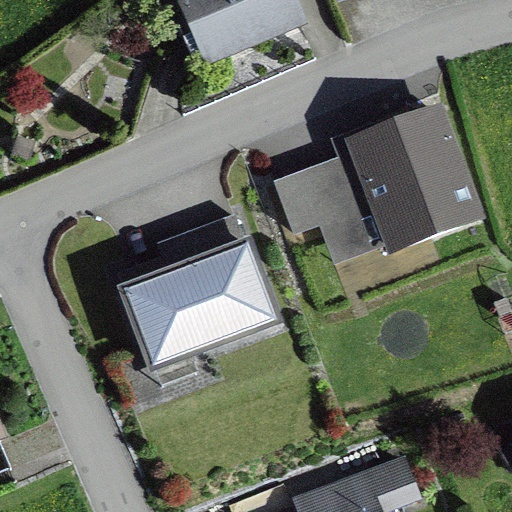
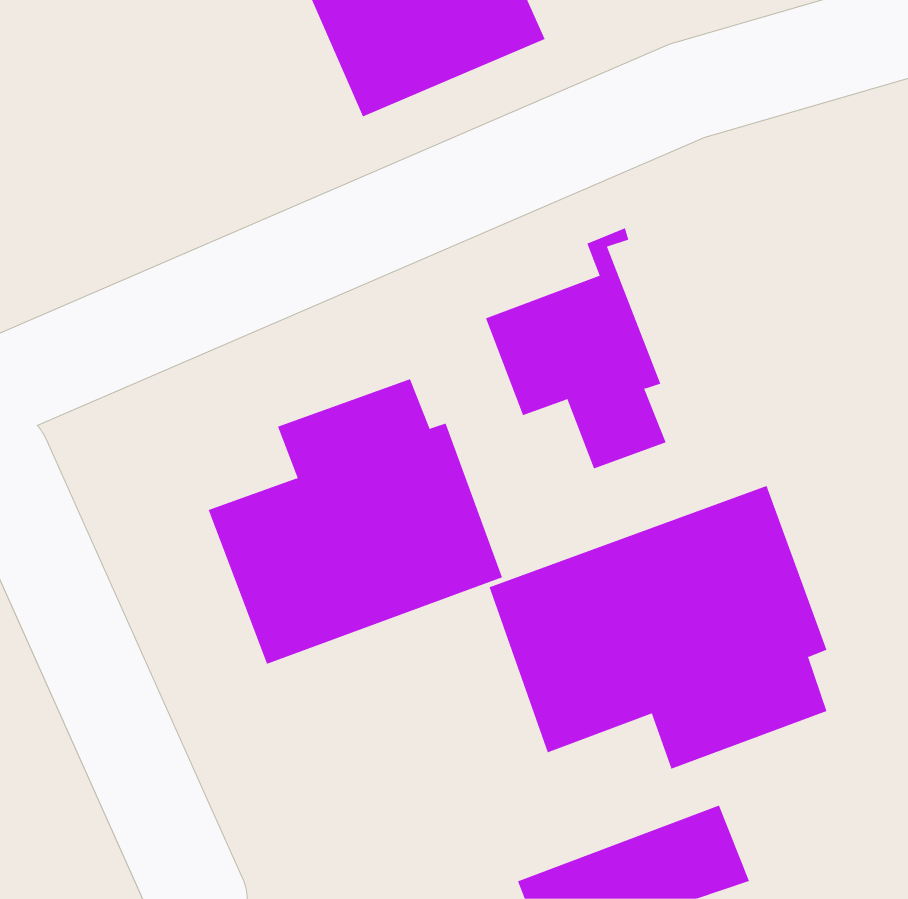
building: [342,102,486,258] -> none
building: none -> [489,485,827,770]

